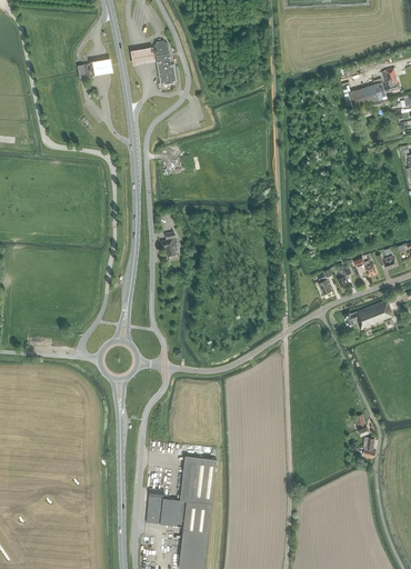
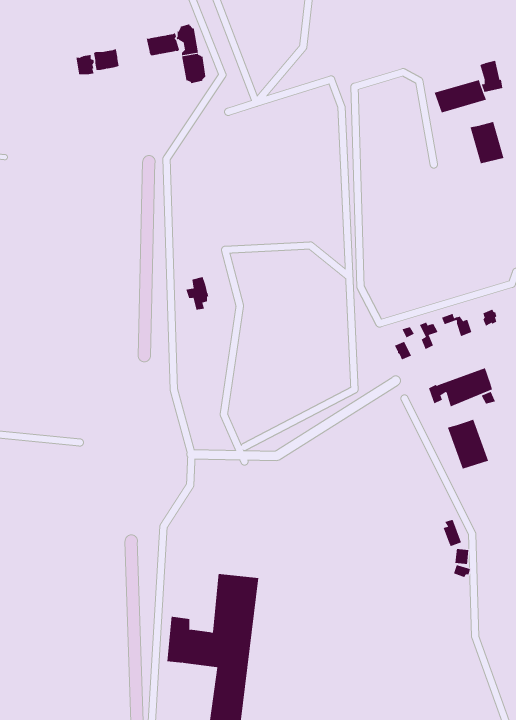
building: none -> [470,121,504,164]
building: none -> [447,419,489,470]

